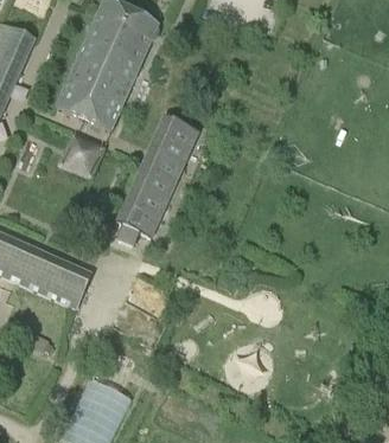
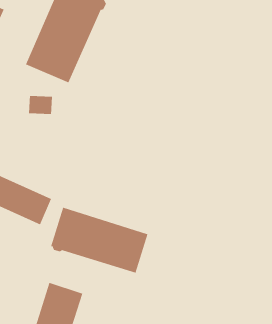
building: [120,117,199,245] -> none
building: none -> [50,207,148,274]

